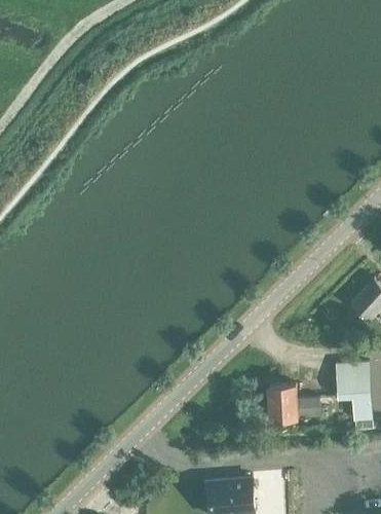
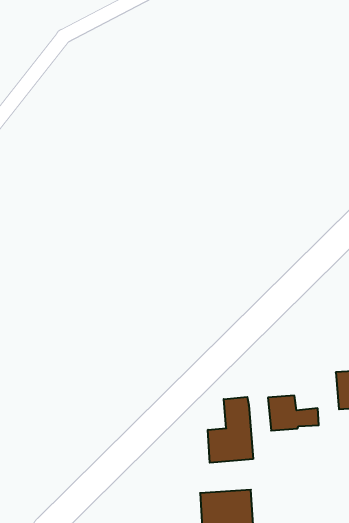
building: none -> [208,397,253,463]

